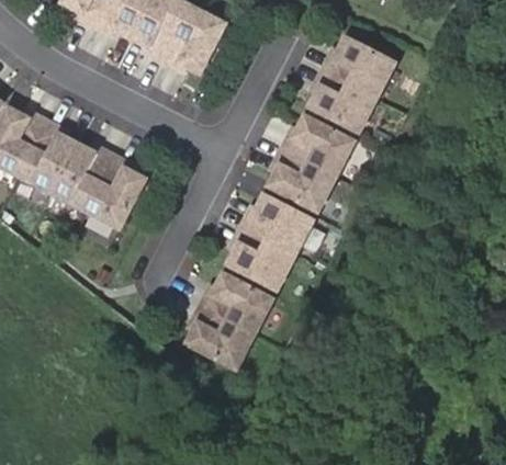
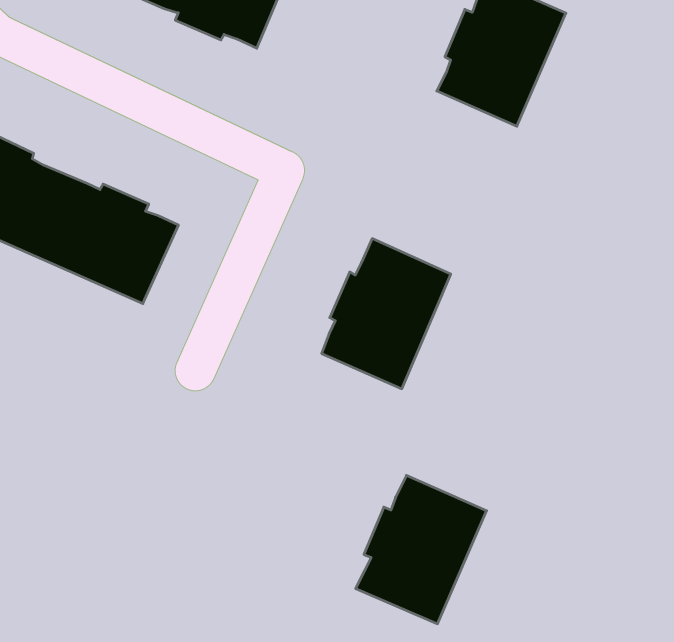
building: [270,116,353,209] -> none
building: [187,273,271,366] -> [356,475,487,624]

